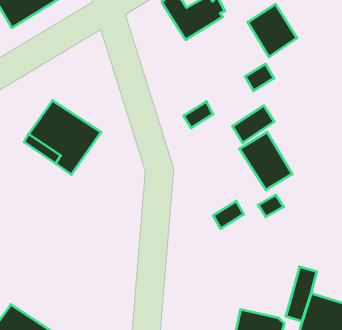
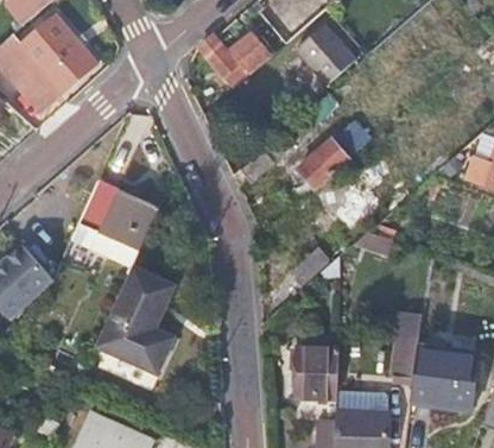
building: none -> [90,263,175,374]
building: none -> [294,343,338,395]

